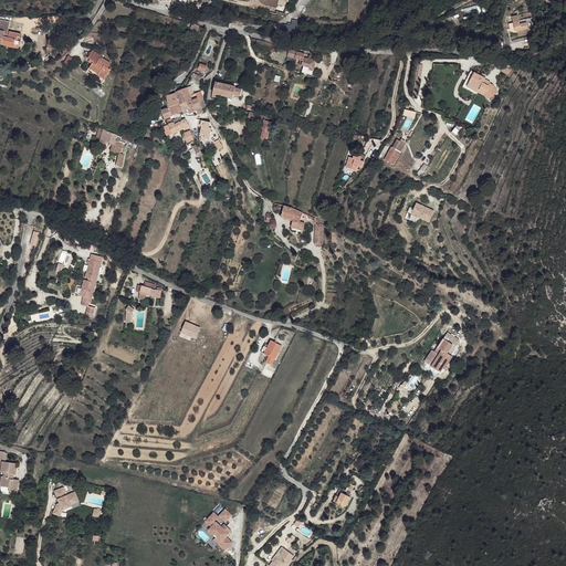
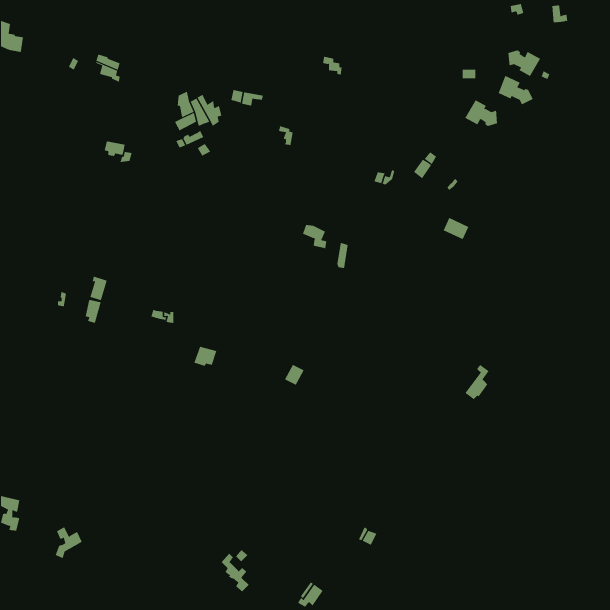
building: none -> [508,50,541,77]
building: none -> [464,99,497,127]

